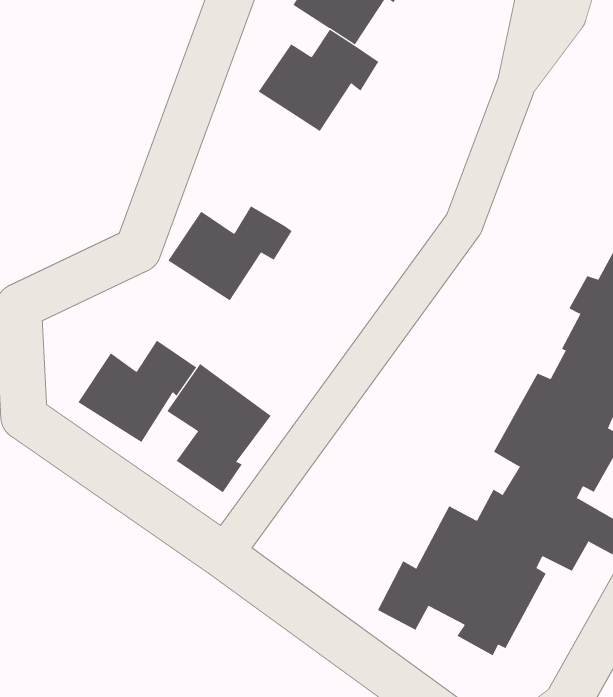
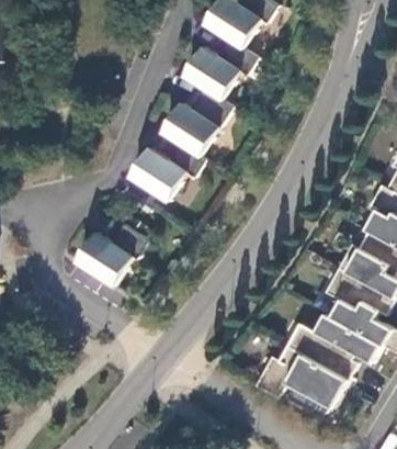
building: none -> [162,88,231,156]
building: [167,363,272,493] -> none

